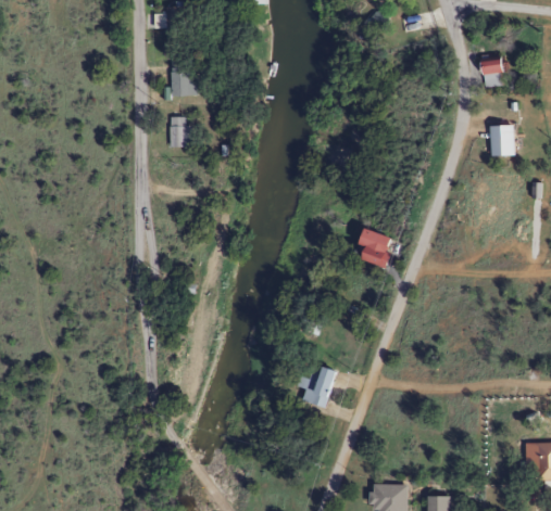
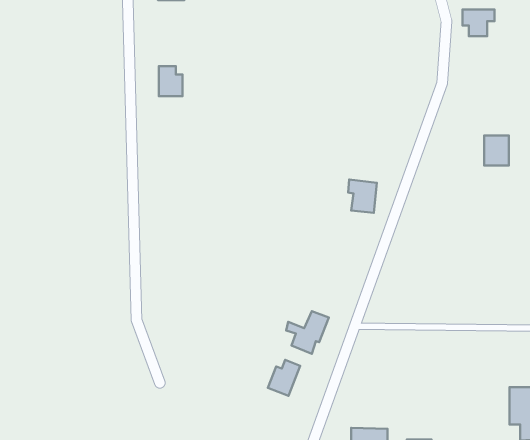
building: [171,60,199,95] -> none
building: [493,125,518,155] -> [484,136,509,166]
building: none -> [268,360,300,396]

